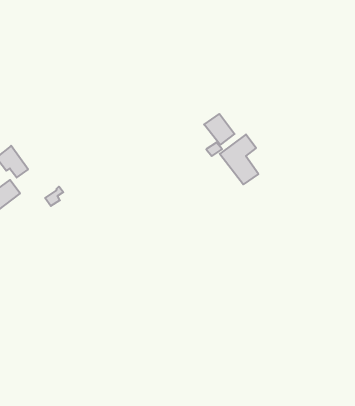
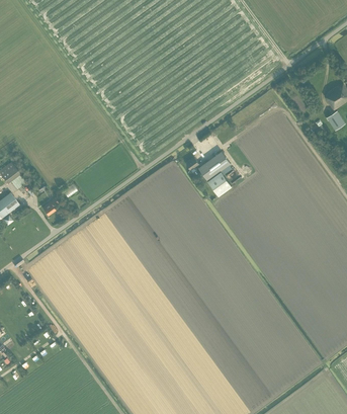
building: [204,114,235,145] -> none

